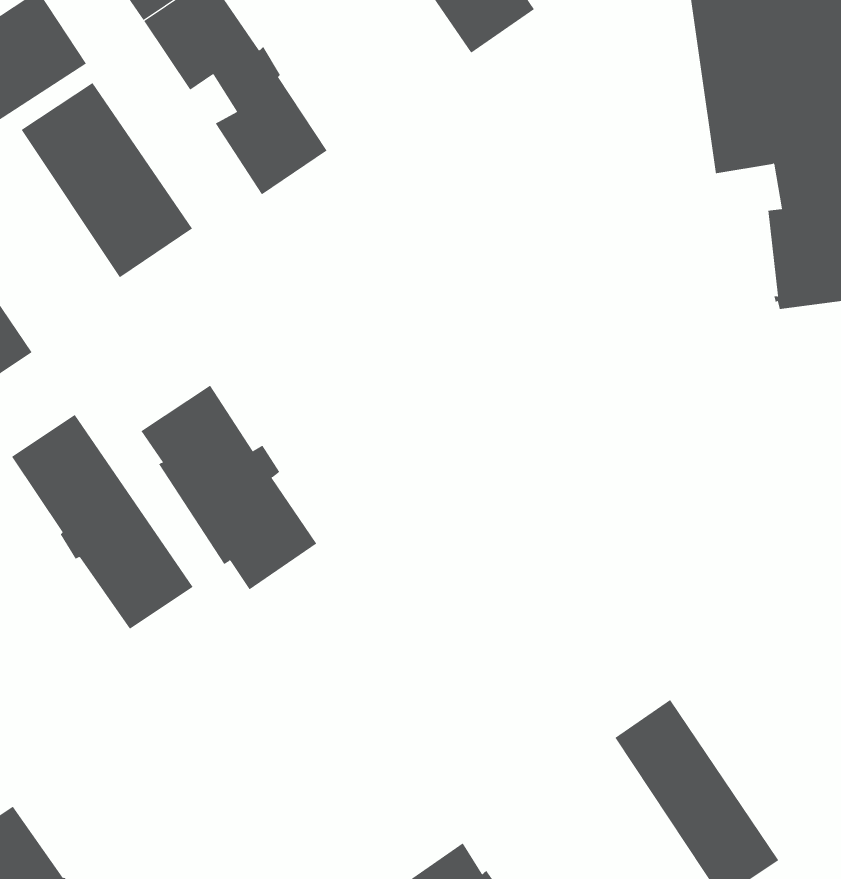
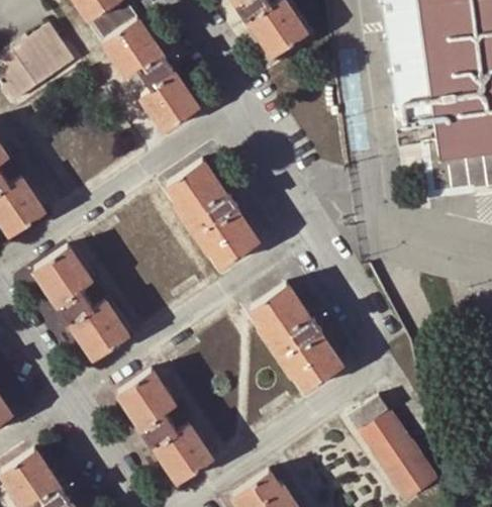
building: [21,82,193,278] -> none
building: [141,385,317,590] -> [166,160,258,267]
building: none -> [250,284,340,391]
building: none -> [119,371,213,482]

